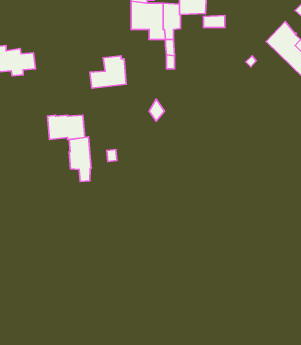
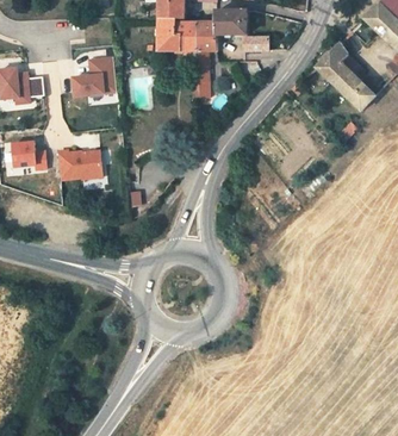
building: [90,56,126,88] -> [71,60,114,98]
building: none -> [12,144,46,172]
building: [69,137,91,182] -> none

